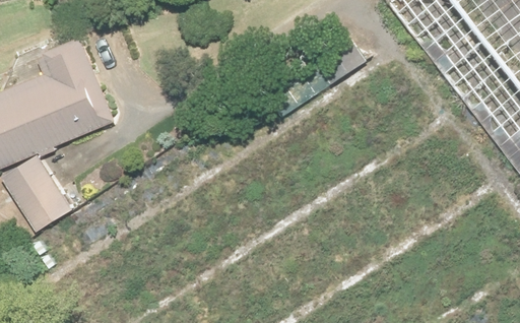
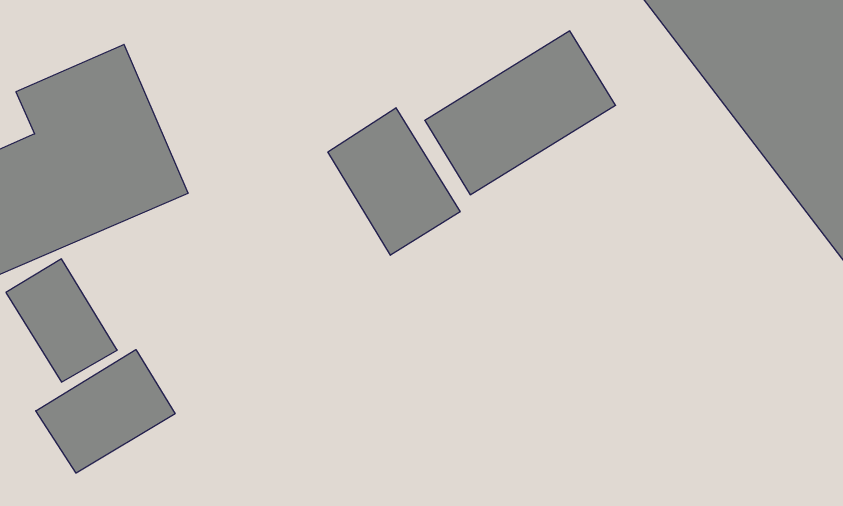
building: none -> [328,108,460,255]
building: none -> [36,350,175,473]

